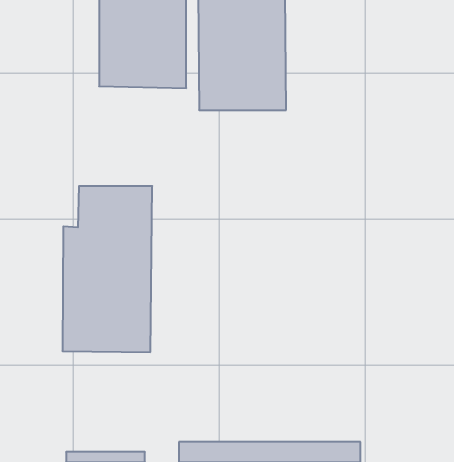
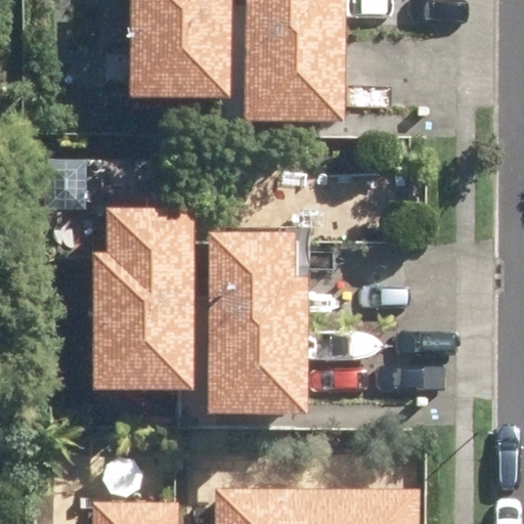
building: none -> [199,224,298,419]

